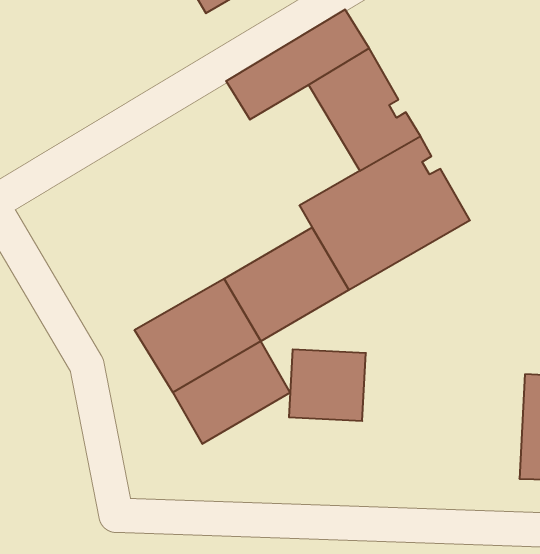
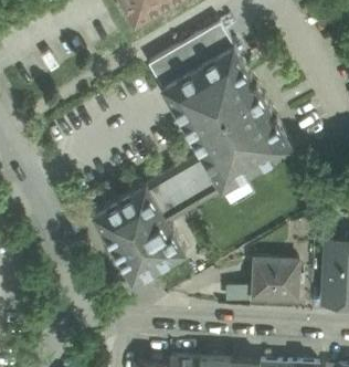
building: none -> [162,66,229,139]
building: [289,349,366,421] -> [253,259,299,302]

